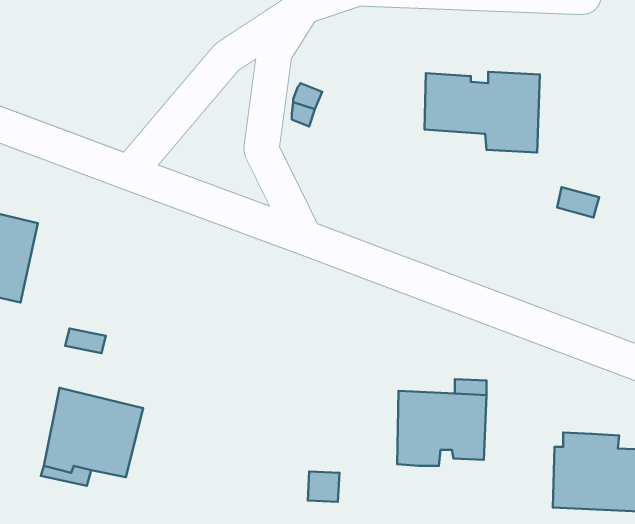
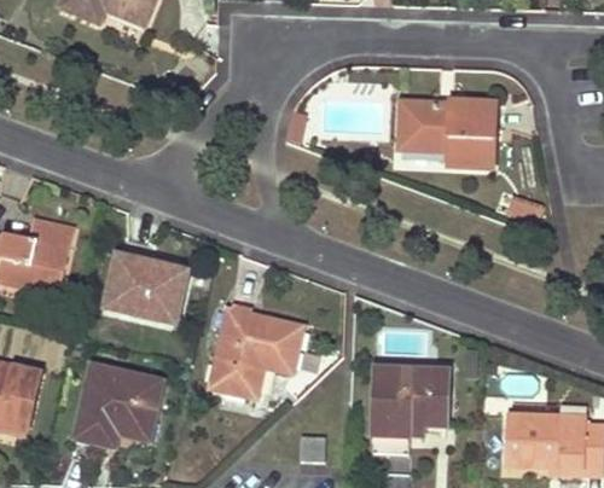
building: none -> [105,255,188,324]
building: none -> [211,303,302,396]

